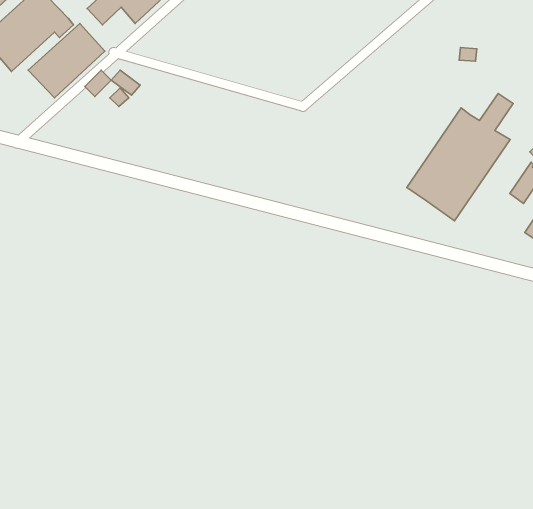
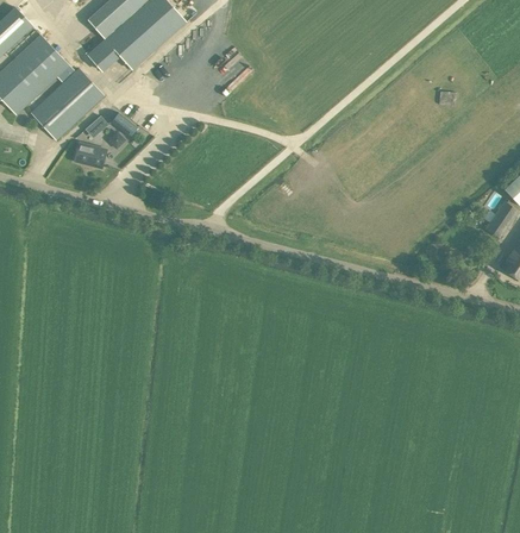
building: [407,93,513,221] -> none
building: none -> [75,143,106,168]

